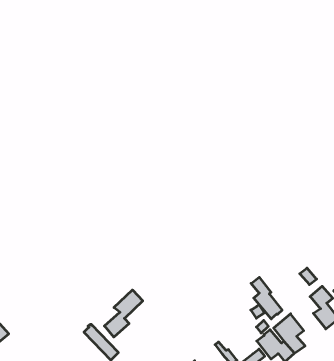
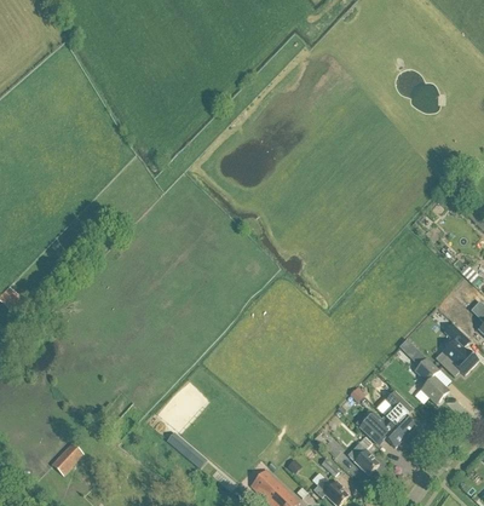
building: [251,277,282,319] -> none
building: [104,290,143,337] -> none

